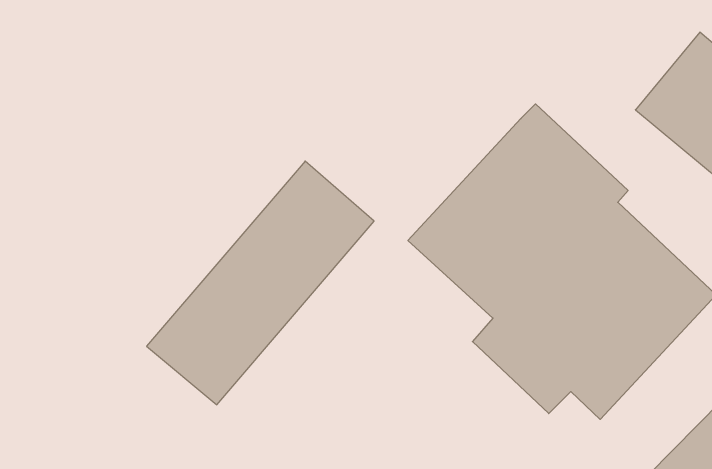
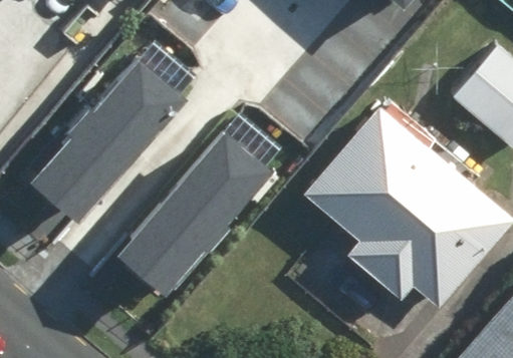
building: none -> [31,59,189,224]

